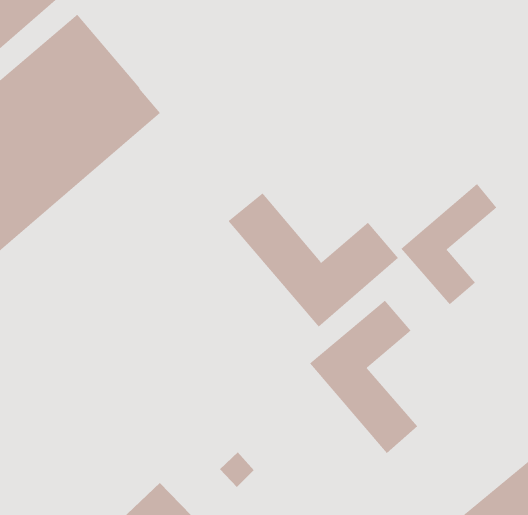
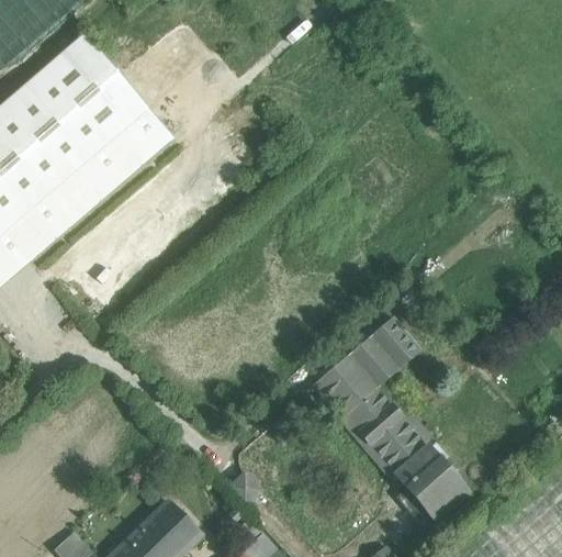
building: [401,184,497,305] -> none
building: [228,192,399,328] -> none
building: none -> [394,445,464,517]

